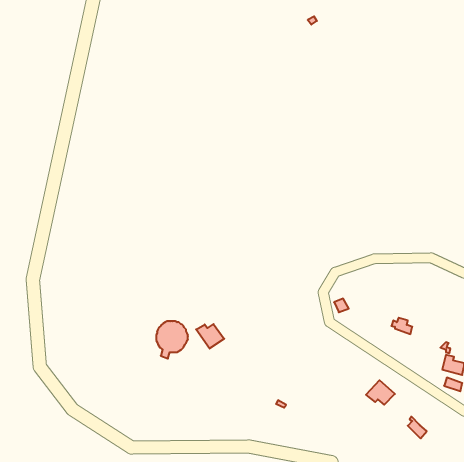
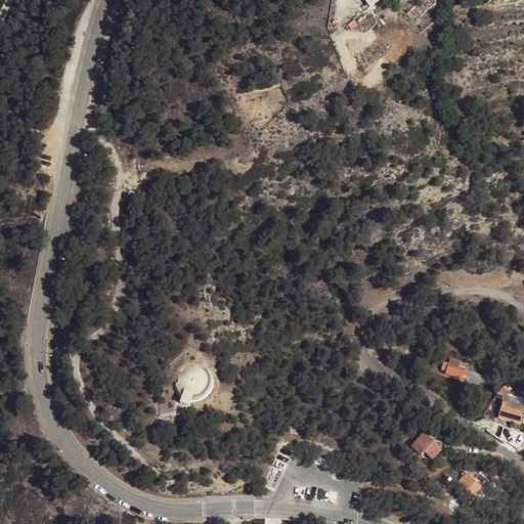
building: [196,324,224,349] -> none

